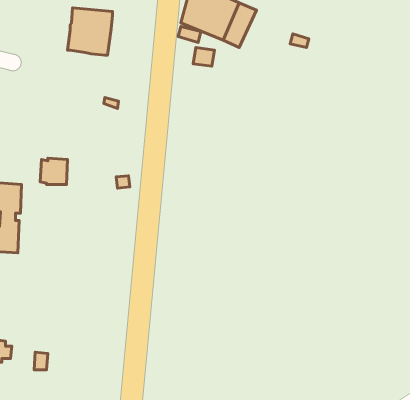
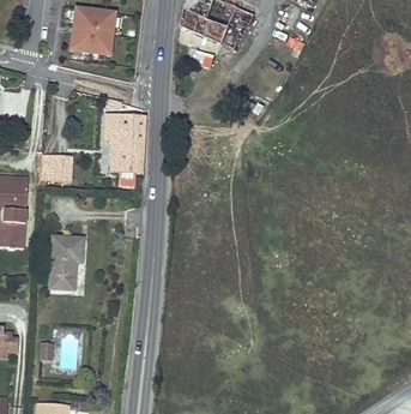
building: none -> [105,113,145,172]
building: none -> [49,236,81,288]

